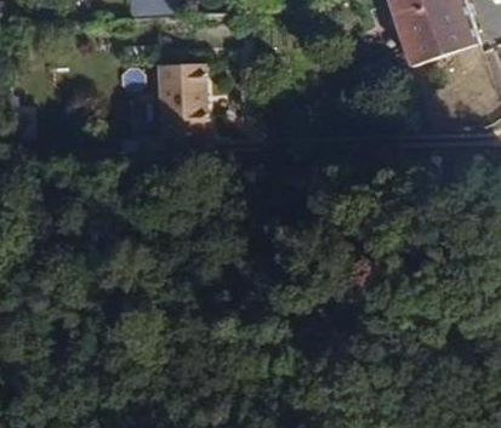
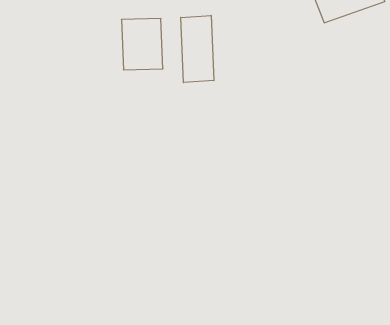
building: none -> [181,15,214,83]

